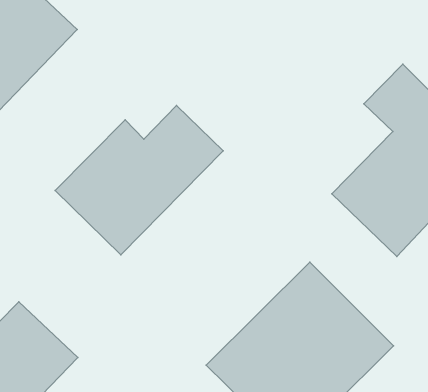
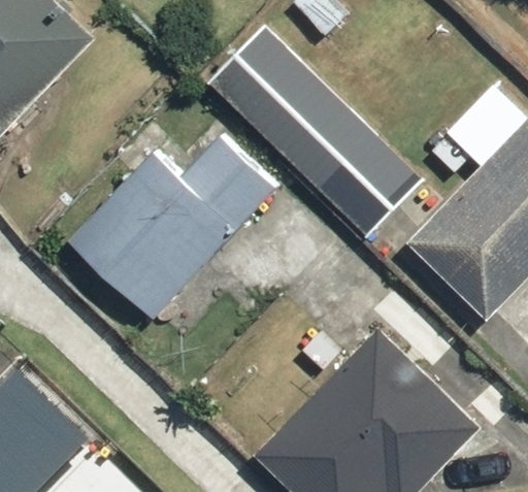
building: none -> [206,25,423,238]

